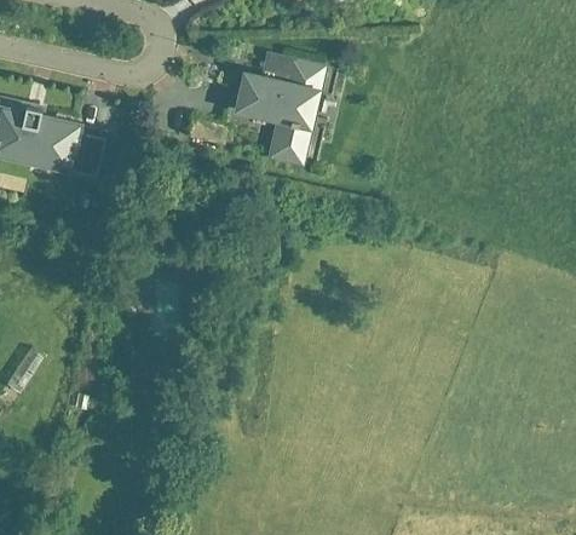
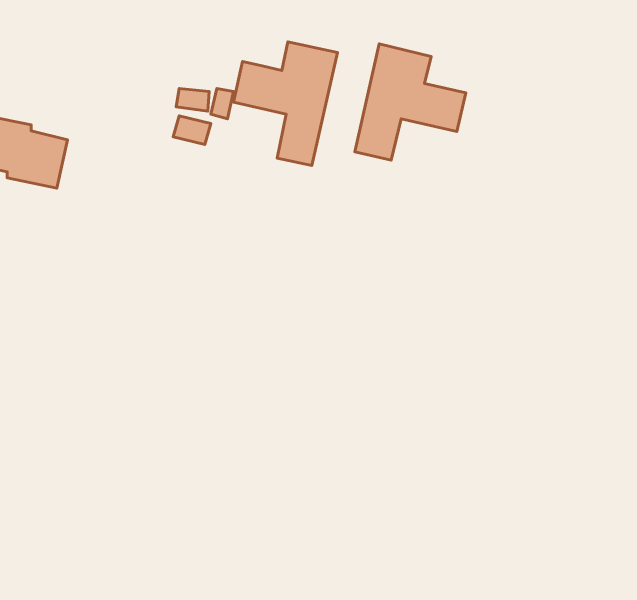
building: none -> [355,44,466,160]

